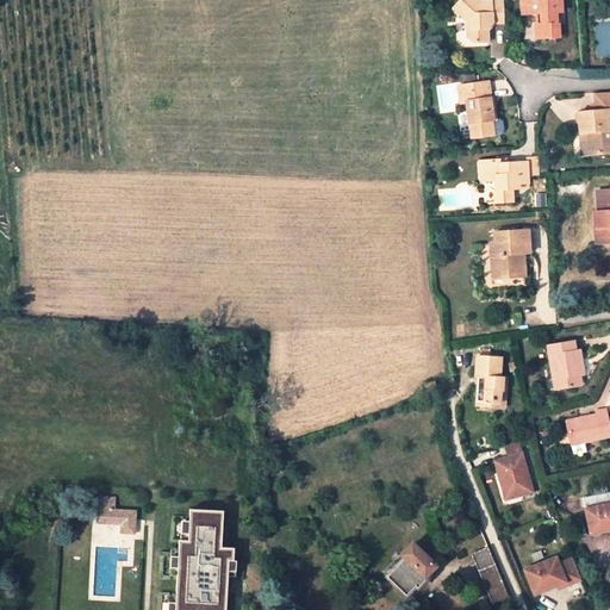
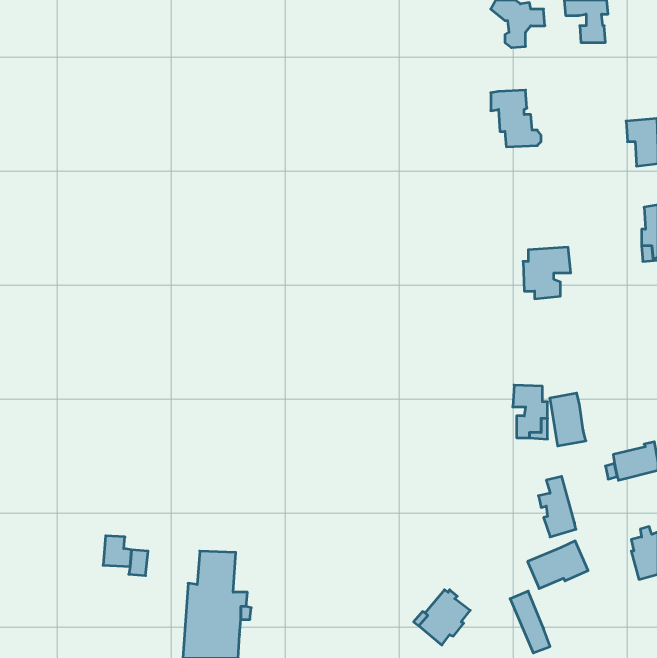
building: [477,156,539,201] -> none
building: [550,340,584,388] -> [550,393,586,446]
building: [525,552,581,596] -> [528,541,588,589]

